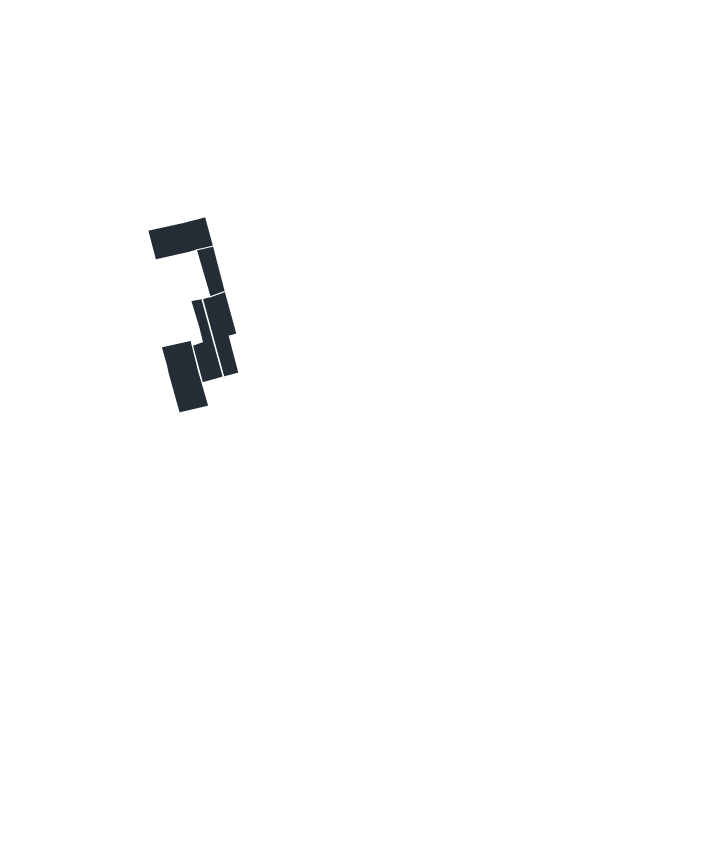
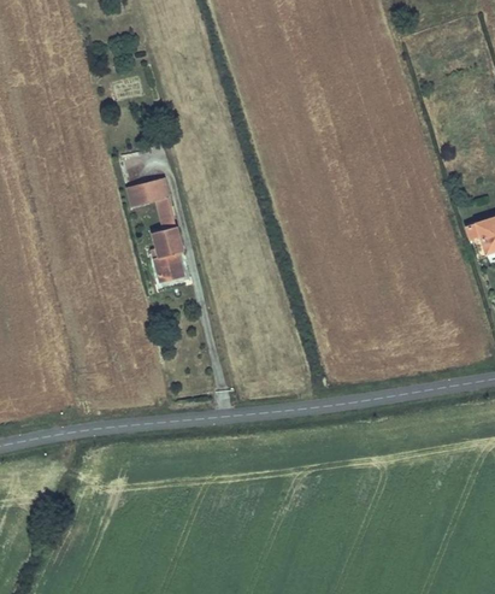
building: [161,340,209,413] -> none

